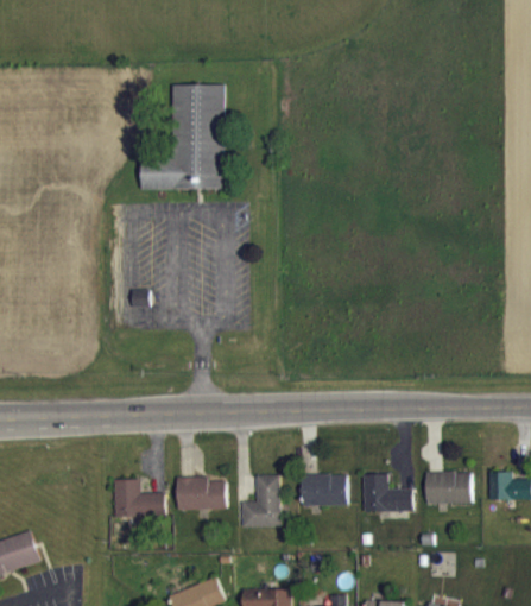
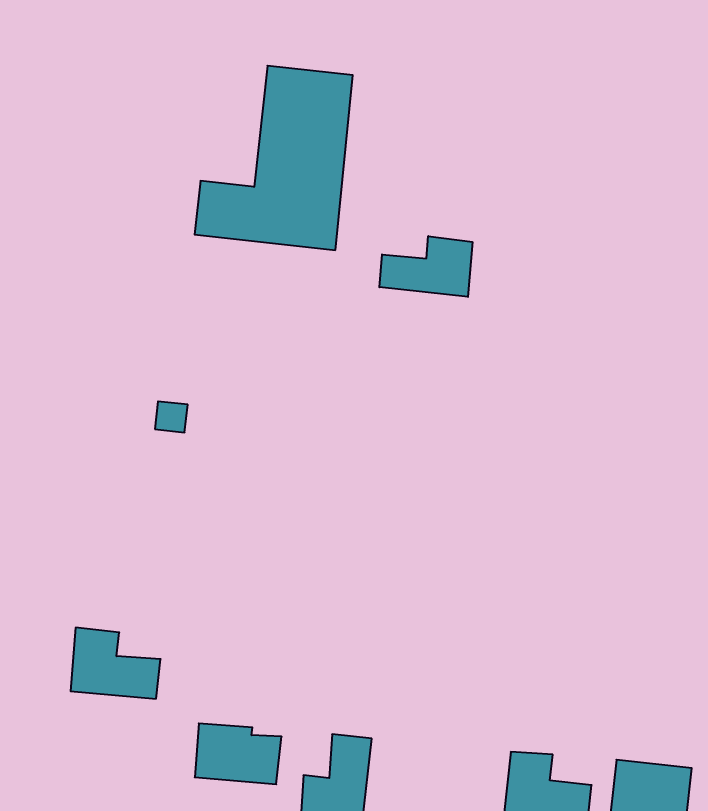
building: none -> [379,236,472,297]
building: [301,474,347,506] -> none
building: [113,479,165,517] -> [71,628,161,699]

